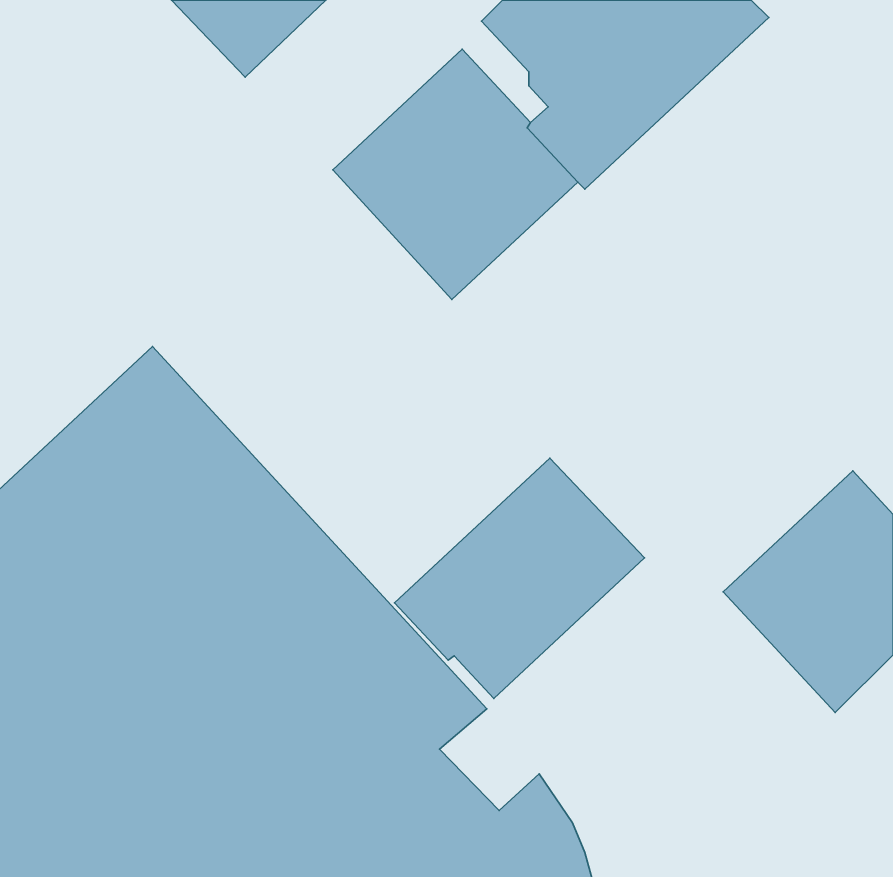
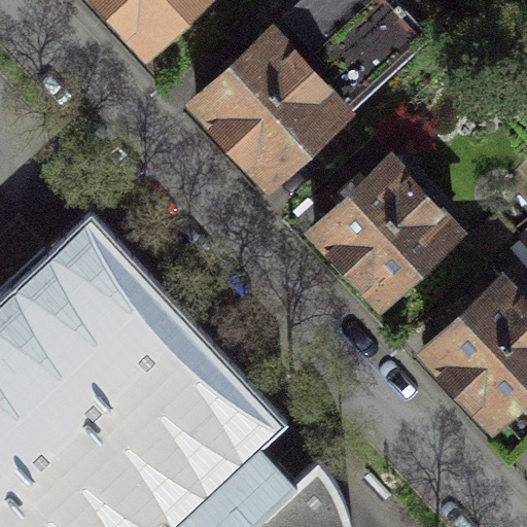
building: none -> [312,166,455,308]
building: [395,458,645,699] -> none

